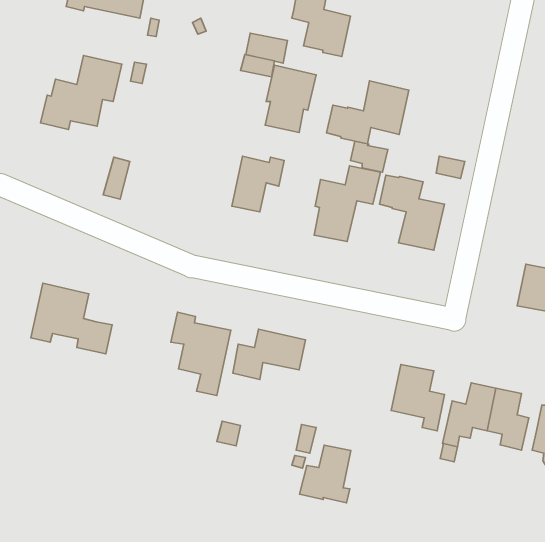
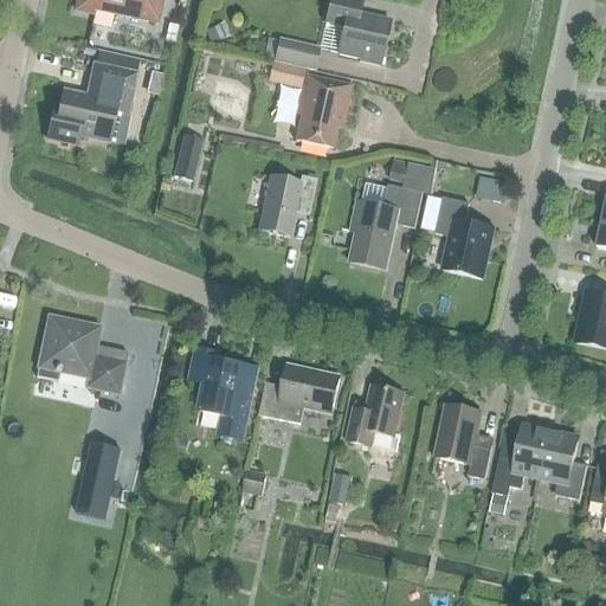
building: [327,81,409,144] -> none
building: [103,157,130,199] -> [173,133,202,179]
building: none -> [77,441,120,517]
building: [299,445,351,503] -> [346,385,402,449]

